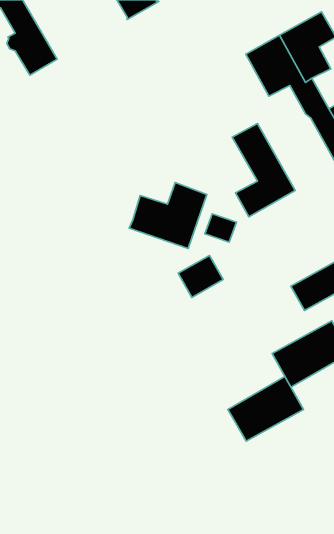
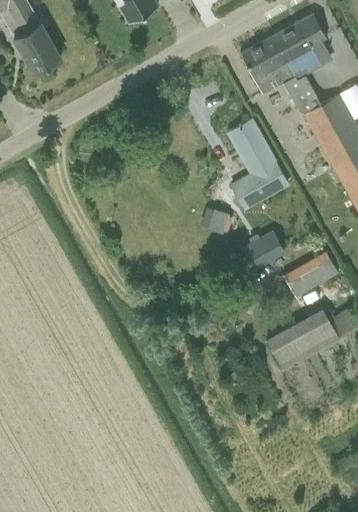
building: [129,183,207,249] -> none
building: [178,255,223,297] -> [243,231,286,271]
building: [228,376,303,441] -> none

